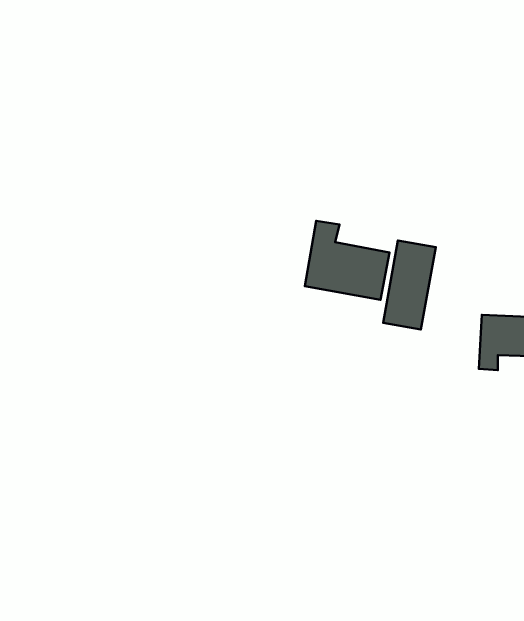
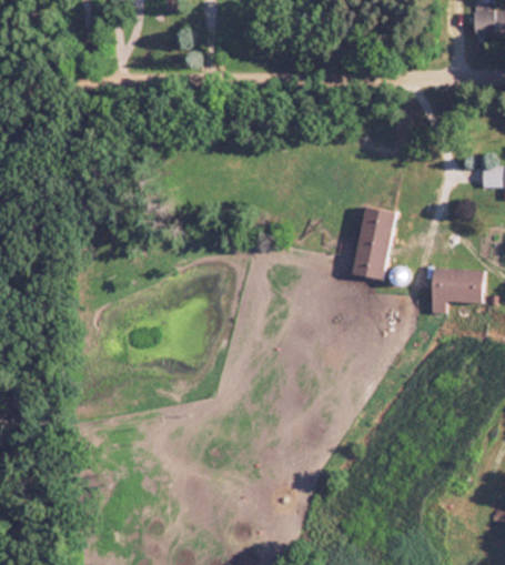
building: [305,221,390,300] -> none

